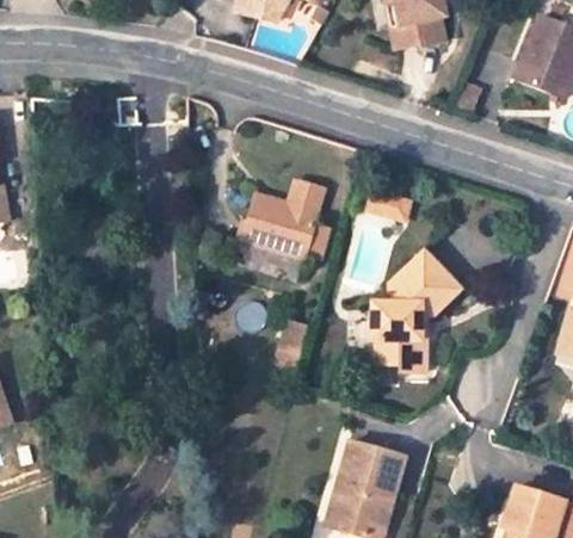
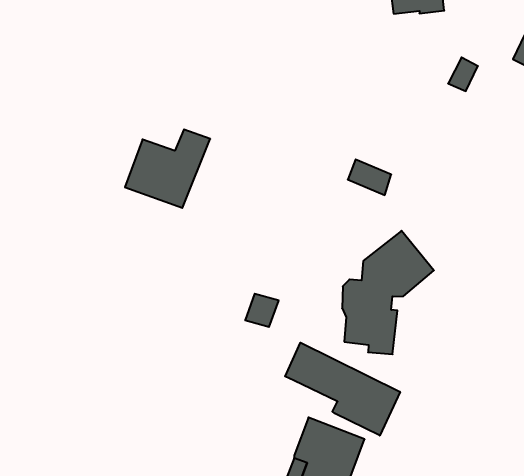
building: [244,181,322,258] -> [125,129,210,208]
building: none -> [285,343,400,436]

